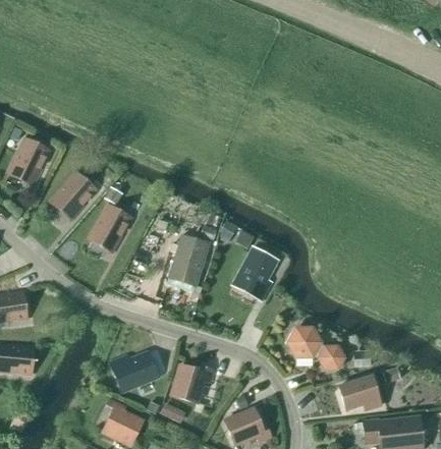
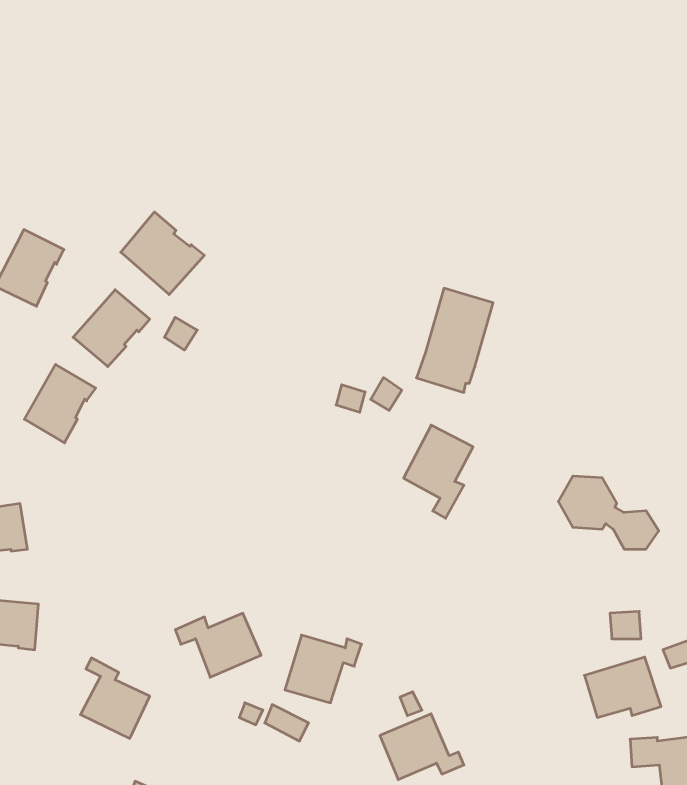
building: none -> [121,212,204,295]
building: [91,205,130,248] -> [24,364,96,443]
building: [166,234,209,292] -> [416,288,493,392]
building: [288,328,344,369] -> [558,476,659,549]
building: [103,399,142,444] -> [80,658,150,738]

